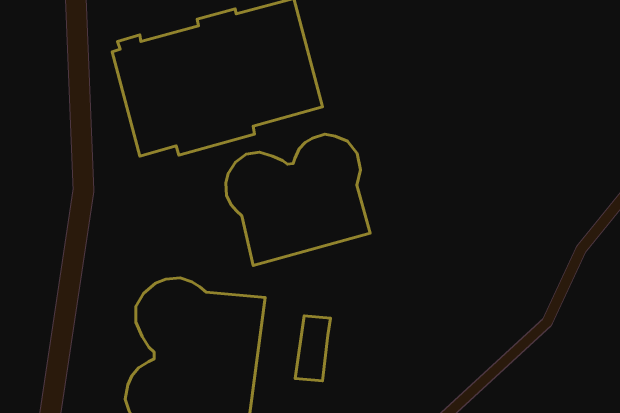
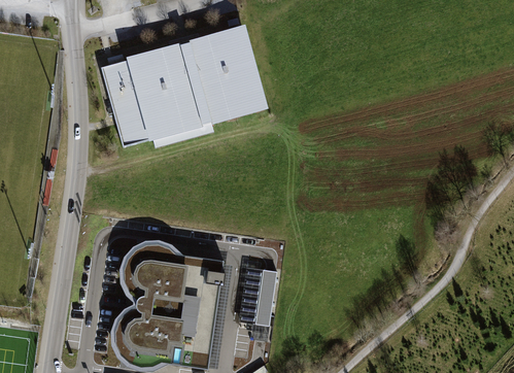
building: [226,134,370,265] -> none

